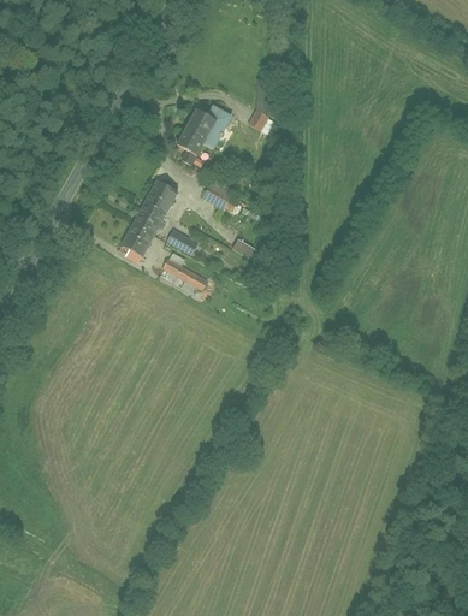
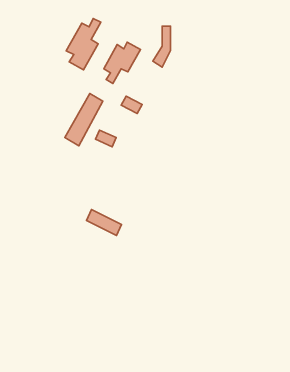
building: none -> [66,19,101,70]
building: [161,259,212,296] -> [87,210,122,235]

